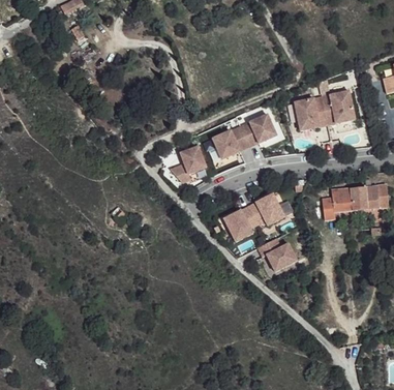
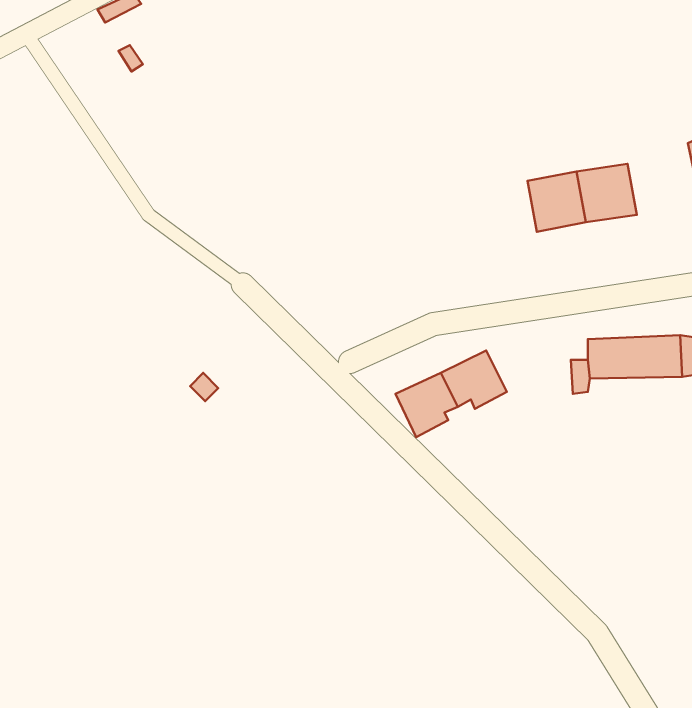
building: [213,116,276,159] -> none
building: [170,145,206,181] -> none
building: [255,238,295,271] -> none

